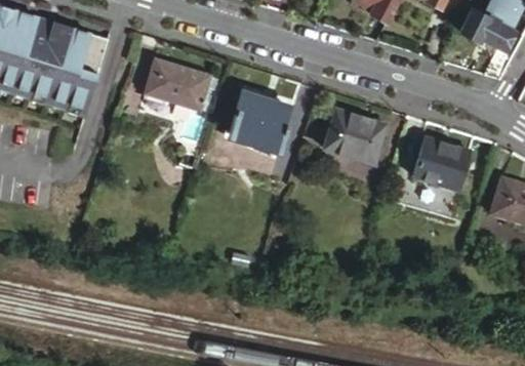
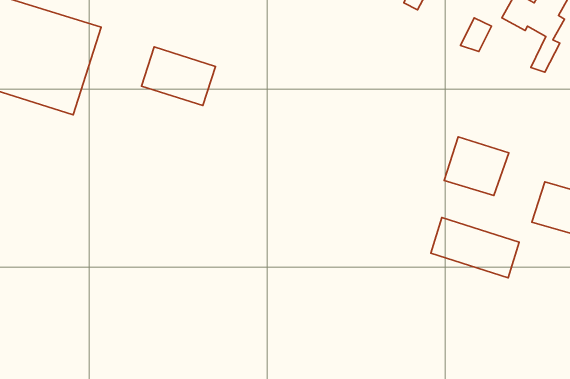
building: [228,91,285,150] -> none
building: [323,110,385,164] -> none
building: none -> [431,218,519,278]

